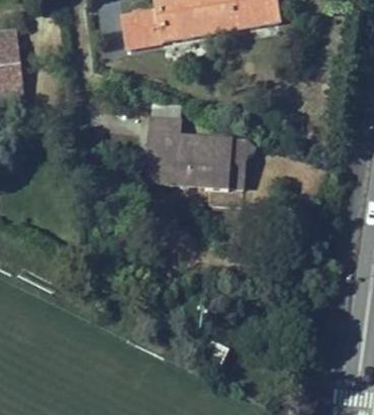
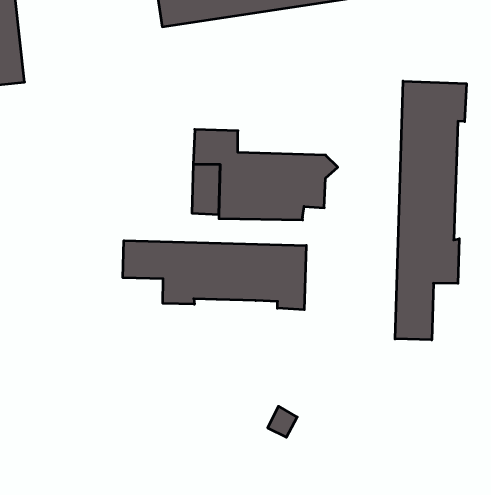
building: none -> [395,81,466,340]
building: none -> [123,241,306,310]

